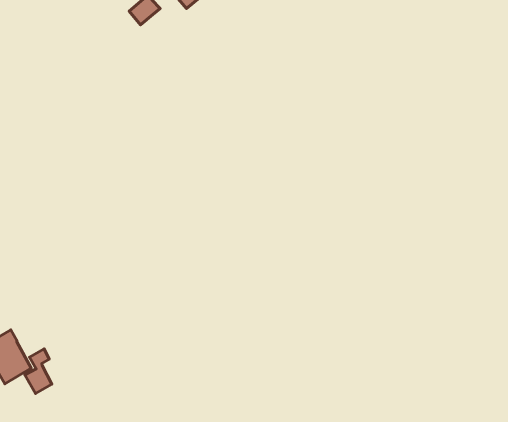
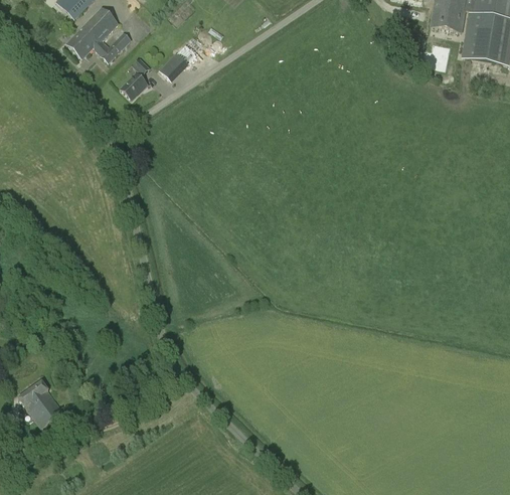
building: [25,349,52,393] -> none

